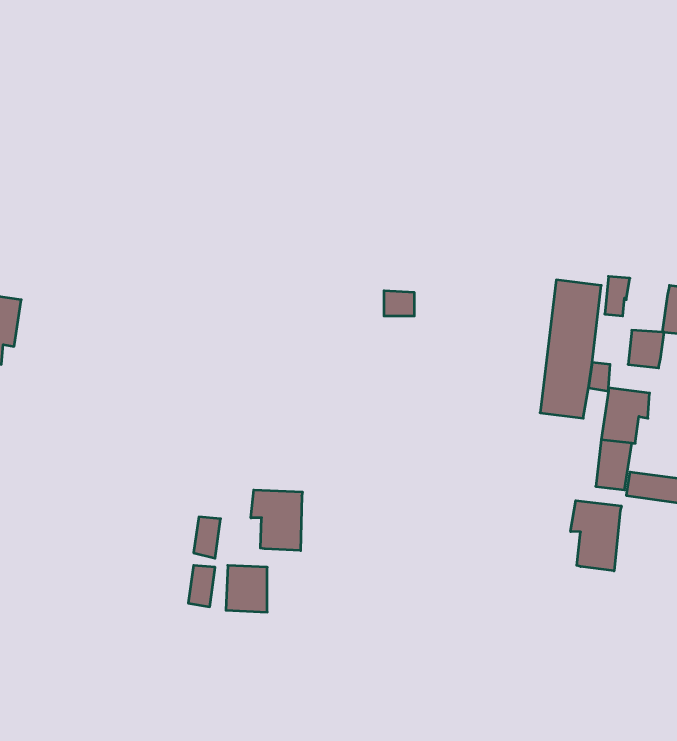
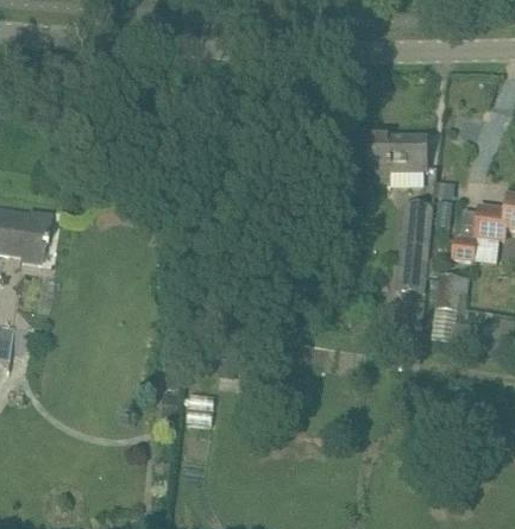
building: none -> [366,132,427,175]
building: [251,490,302,551] -> none
building: [571,501,621,571] -> none

